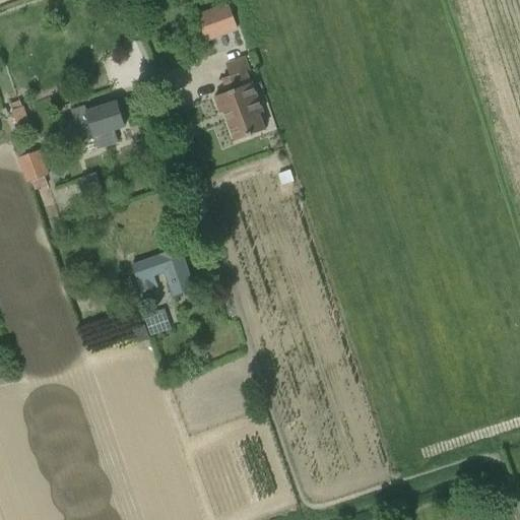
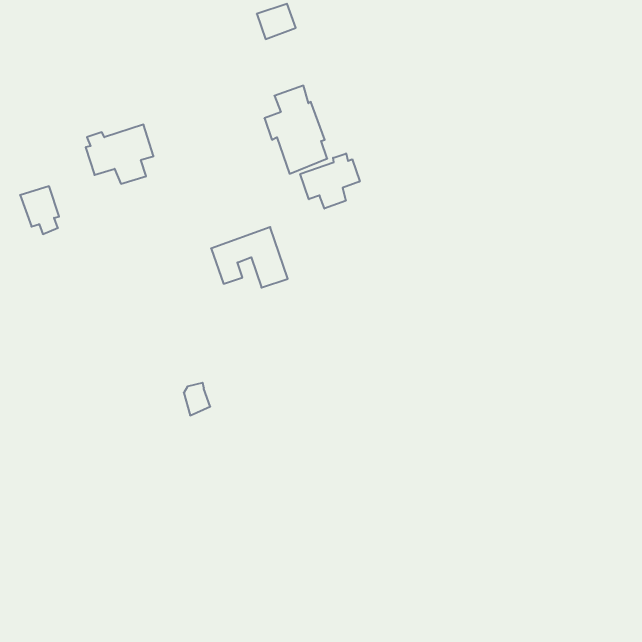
building: none -> [300,153,360,209]
building: [131,247,193,296] -> [211,227,288,288]

